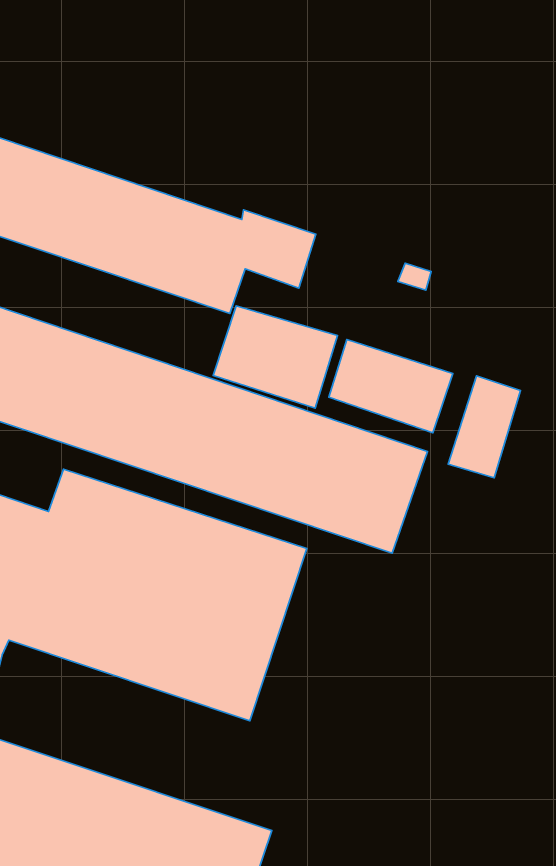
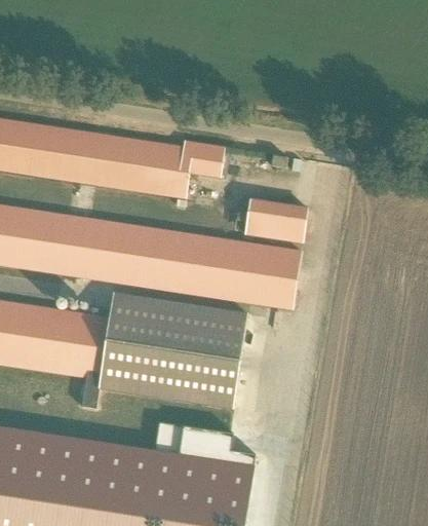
building: [213,306,337,408] -> none
building: [448,376,520,478] -> none

